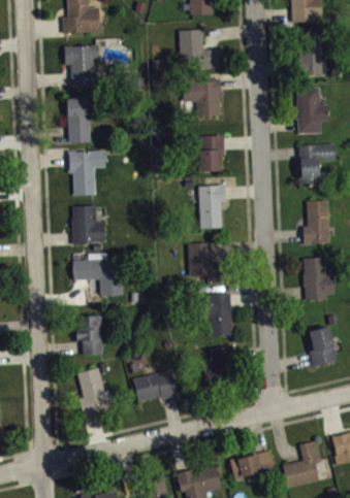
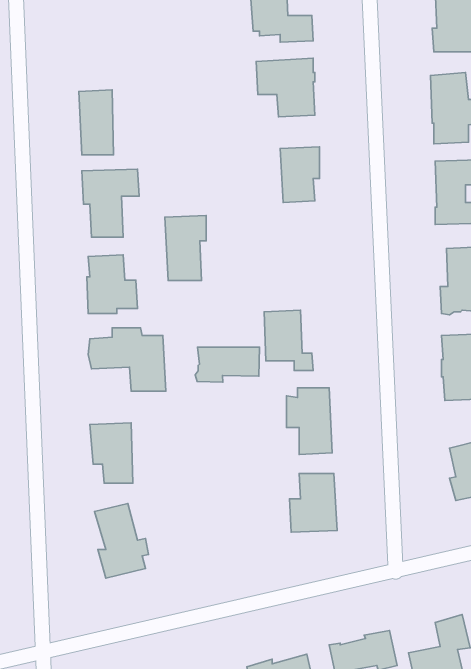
building: [64,44,98,86] -> none
building: [197,185,224,227] -> [165,215,206,280]
building: none -> [195,347,259,382]
building: [133,369,177,401] -> none

